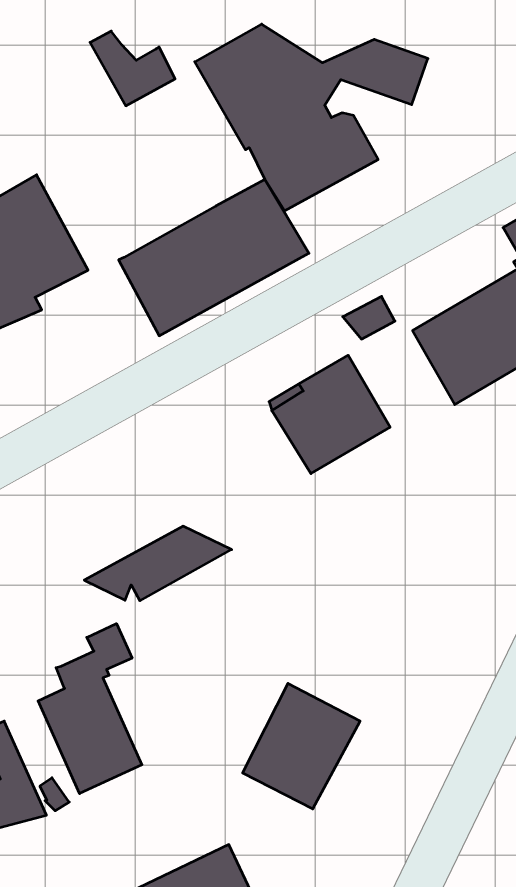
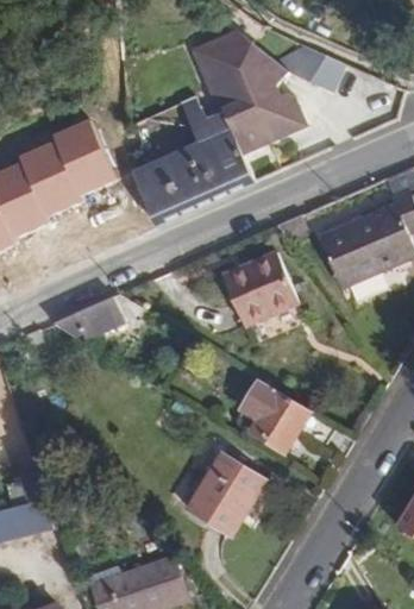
building: [90,31,175,106] -> [181,98,233,146]
building: [84,526,232,601] -> [50,294,146,339]
building: none -> [240,379,334,451]
building: [38,624,142,794] -> none

